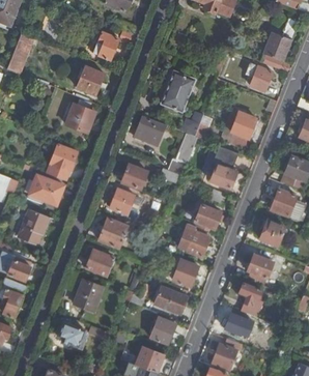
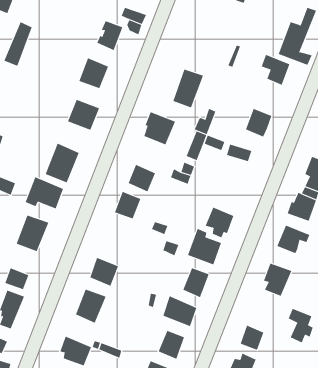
building: [209,164,235,189] -> none
building: [99,219,127,249] -> none
building: [238,283,262,315] -> [288,308,313,343]

